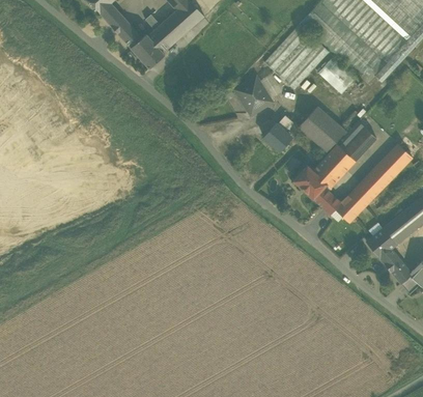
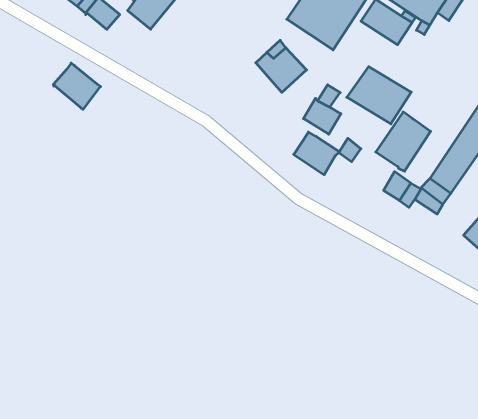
building: [131,34,165,69] -> [53,63,101,109]
building: [343,127,376,162] -> none
building: [293,166,327,199] -> [294,132,339,175]

